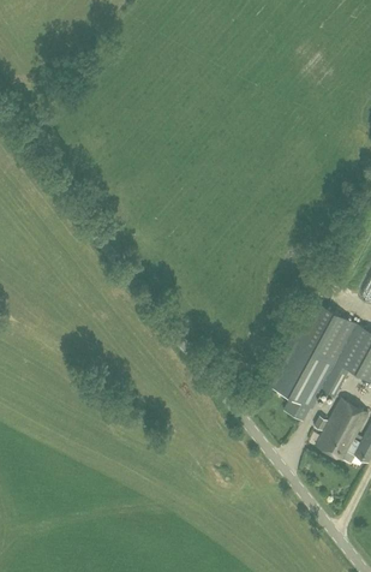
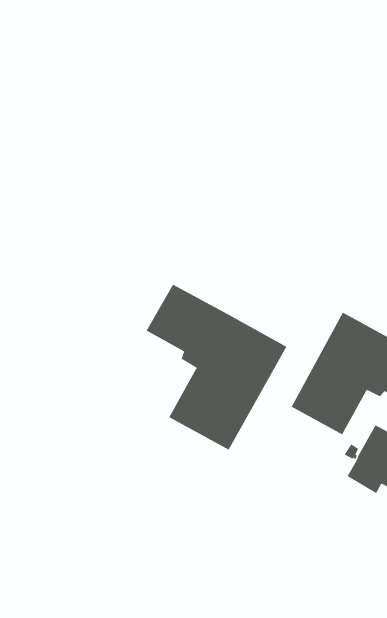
building: none -> [146,284,287,451]

